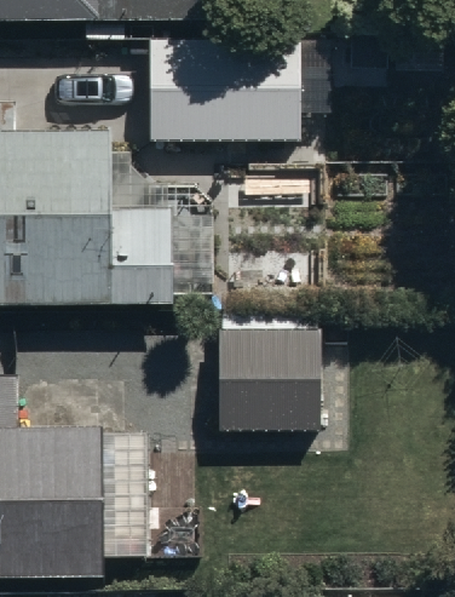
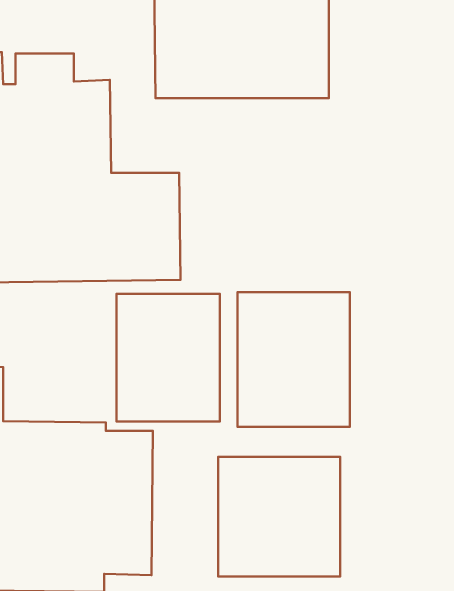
building: none -> [116,294,220,421]
building: none -> [218,457,340,576]

